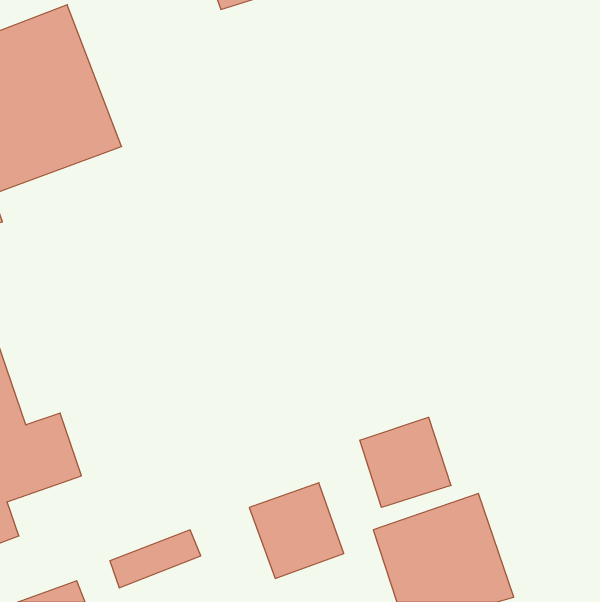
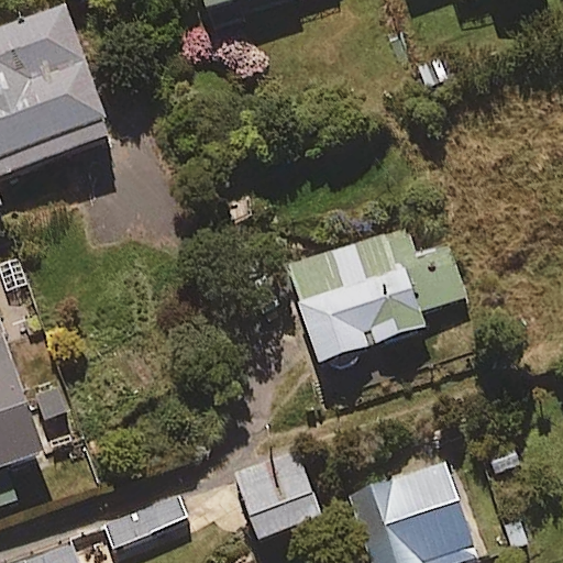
building: none -> [286,228,464,362]
building: [360,417,451,507] -> none

